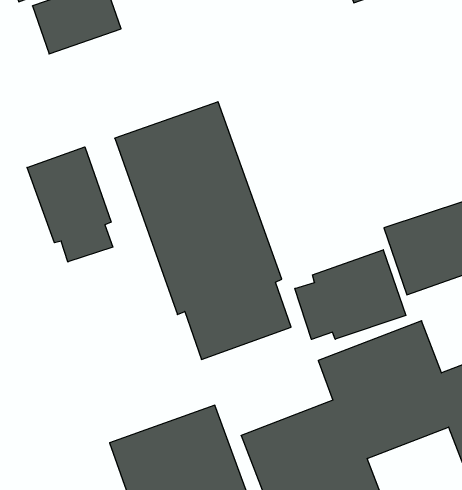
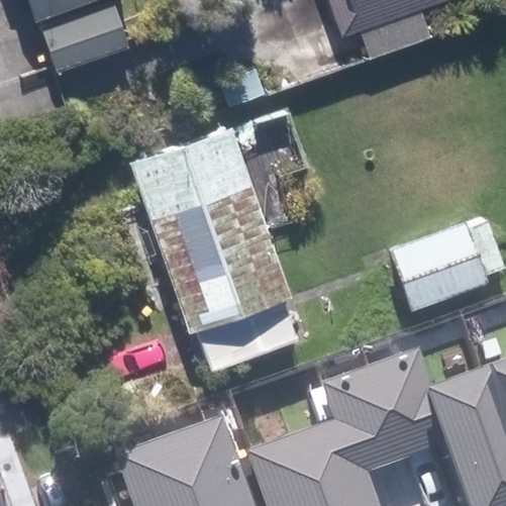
building: [27,147,113,262] -> none
building: [295,250,406,339] -> none

